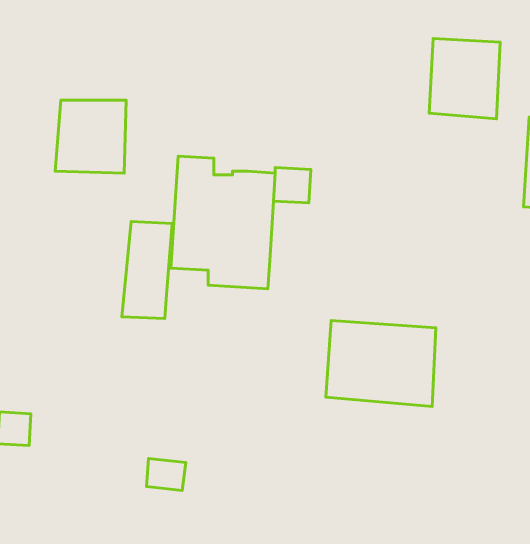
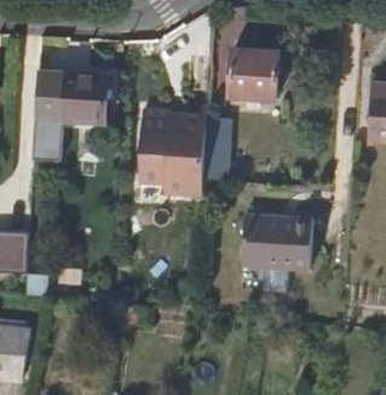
building: [429,38,500,119] -> [231,48,277,100]
building: [122,222,172,319] -> [35,72,68,135]

